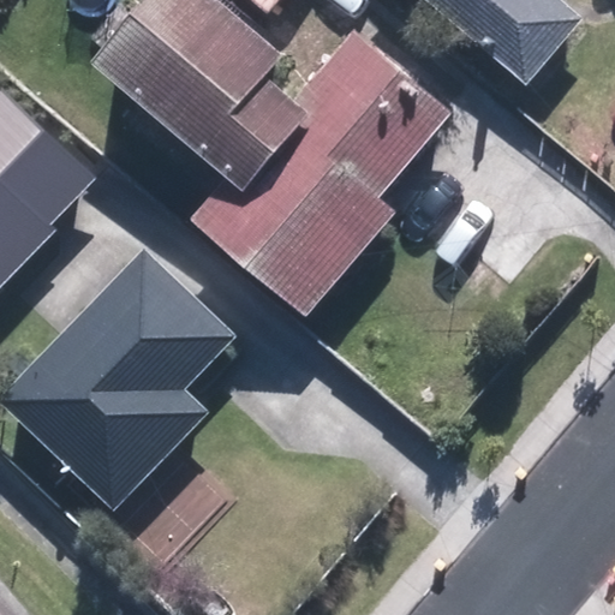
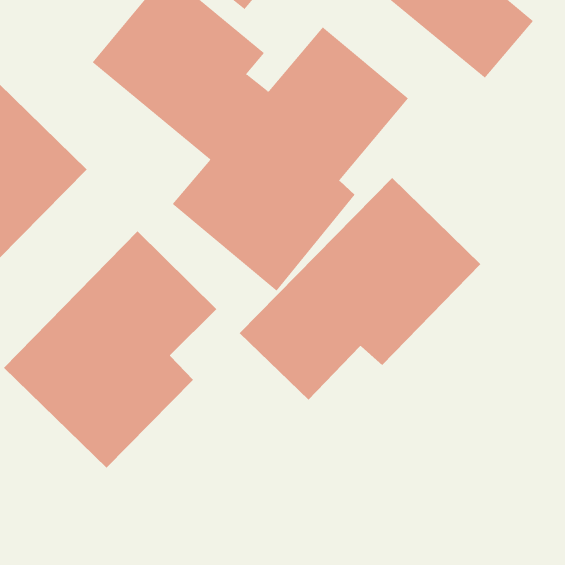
building: none -> [239,177,481,401]

